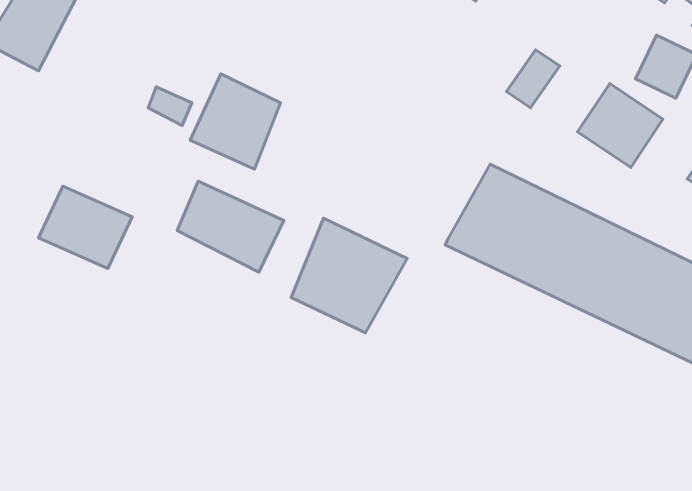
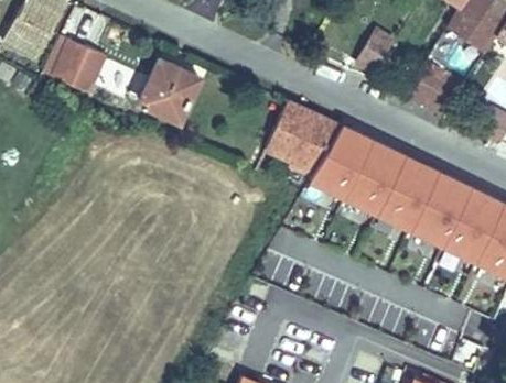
building: [177,181,284,272] -> none
building: [39,186,132,268] -> [44,36,108,92]
building: [291,218,407,333] -> [263,95,343,173]

